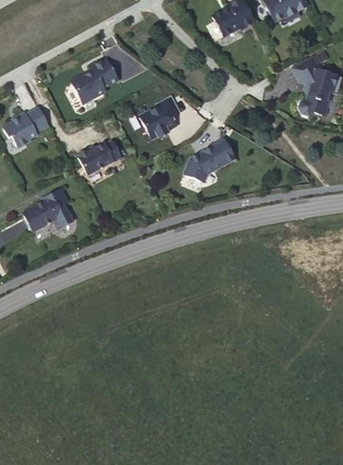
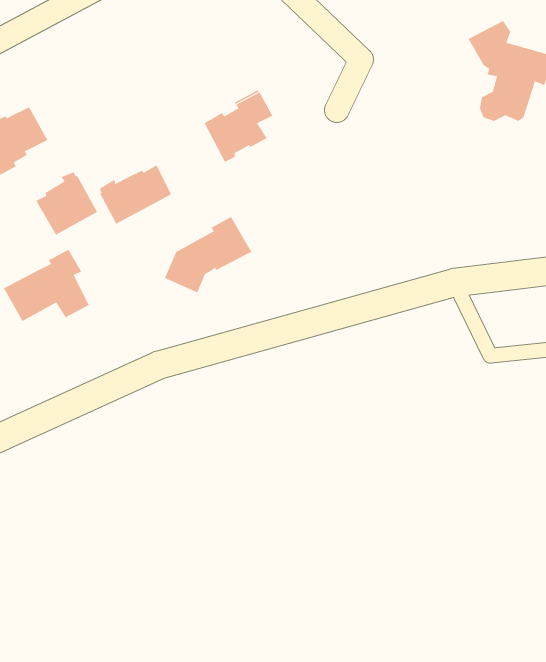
building: [69,54,115,100] -> none
building: [184,138,235,183] -> [164,216,252,293]
building: none -> [36,171,98,236]

